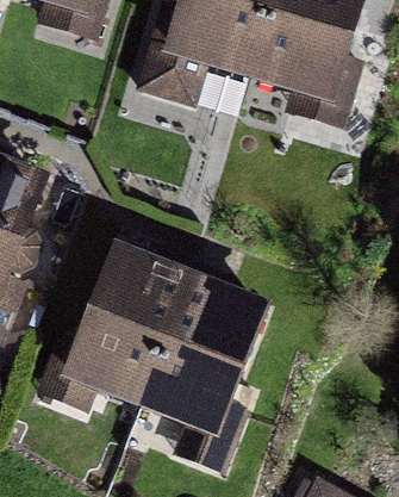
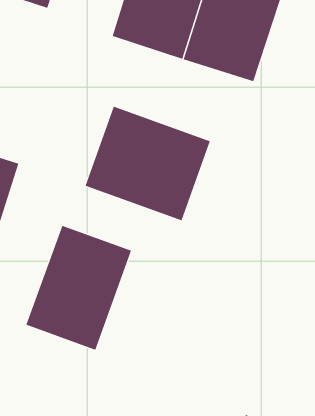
building: none -> [85,106,211,221]
building: [139,290,258,430] -> none

